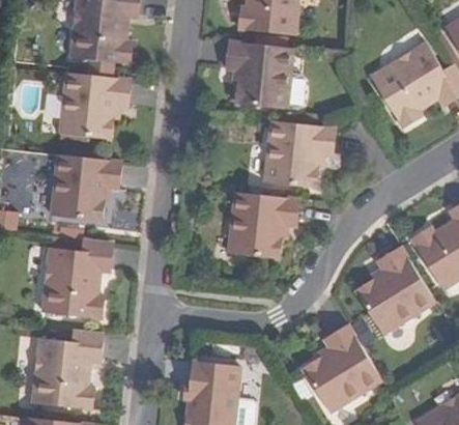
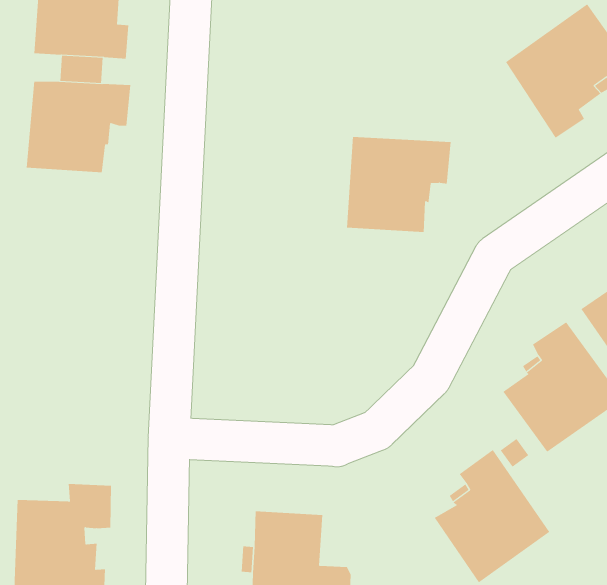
building: [223,41,299,105] -> none
building: [52,155,120,221] -> none
building: [229,193,297,256] -> none
building: [41,240,112,319] -> none

